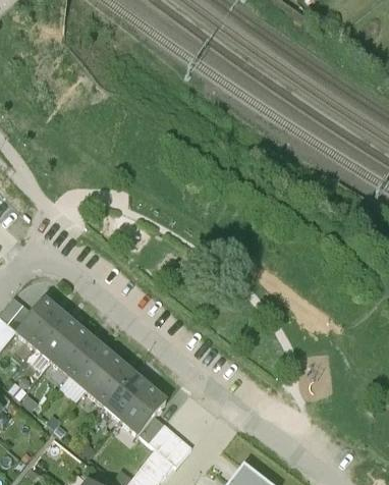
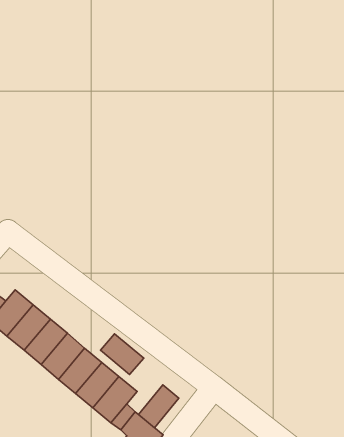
building: none -> [101,334,144,375]
building: none -> [138,385,179,428]

